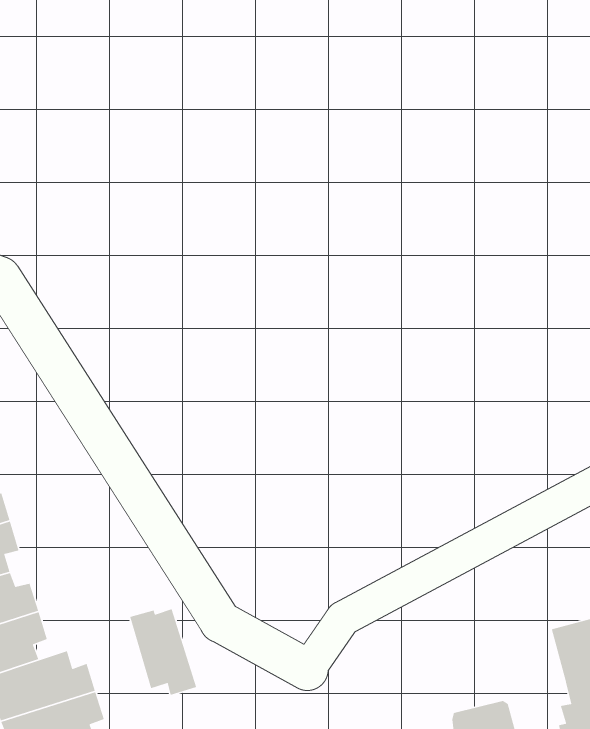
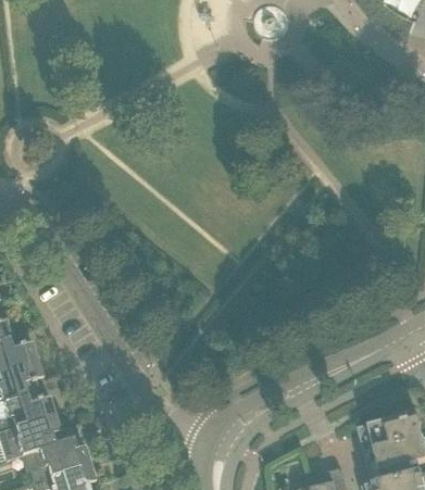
building: [123,596,197,696] -> none

